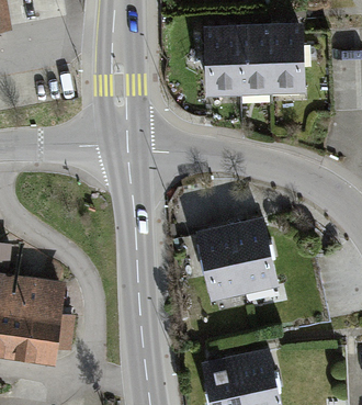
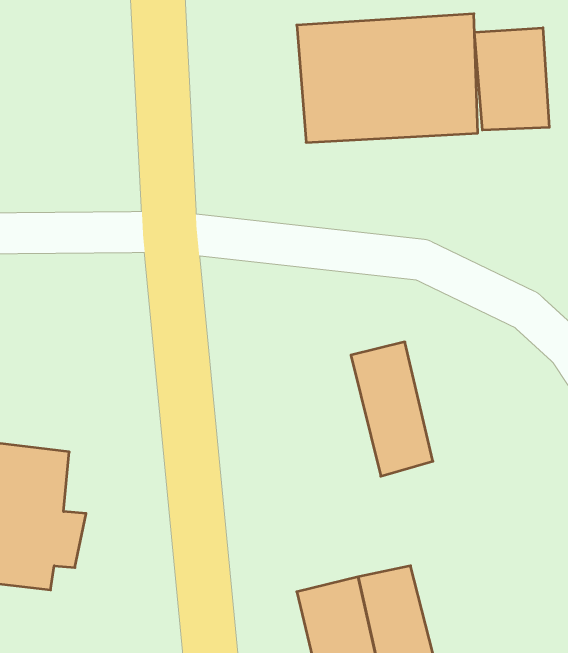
building: none -> [475,28,549,130]
building: [195,223,248,303] -> none

